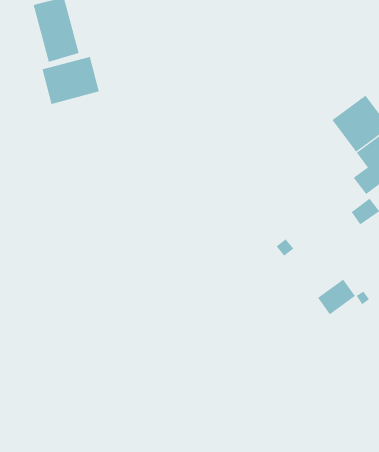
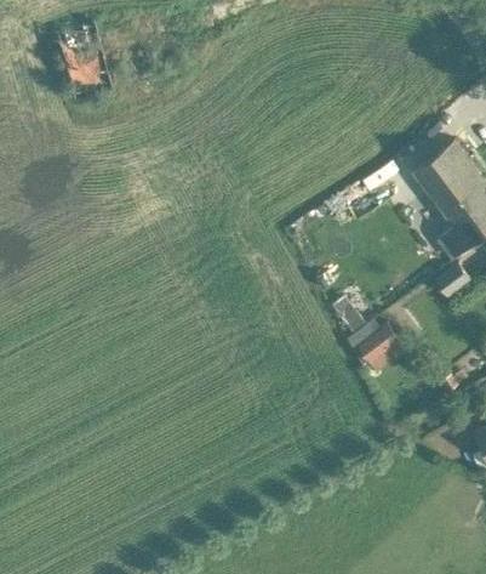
building: [42,56,99,105] -> none
building: [317,279,356,315] -> [358,323,404,366]

